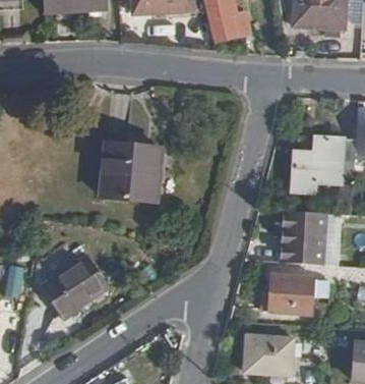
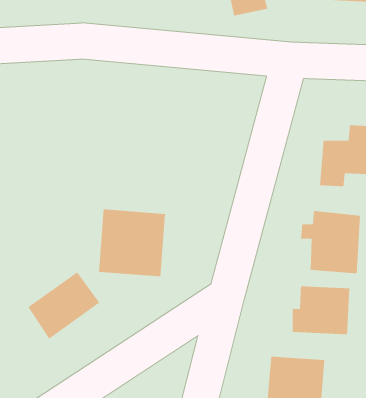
building: [100,146,158,204] -> [98,209,166,277]

